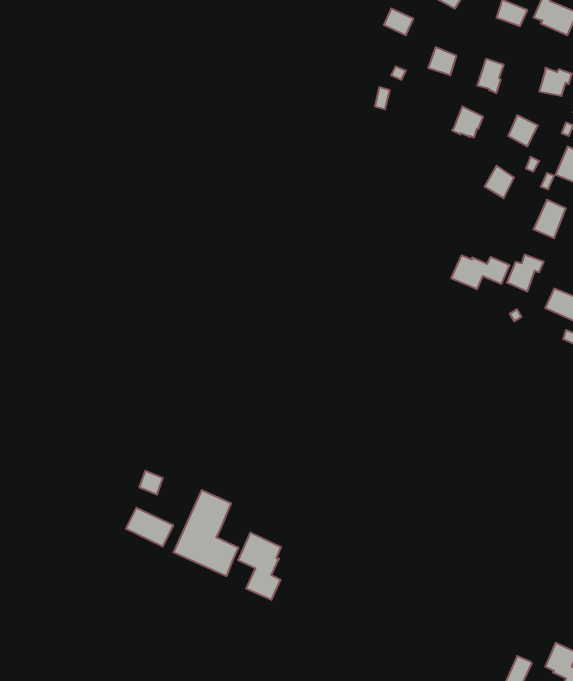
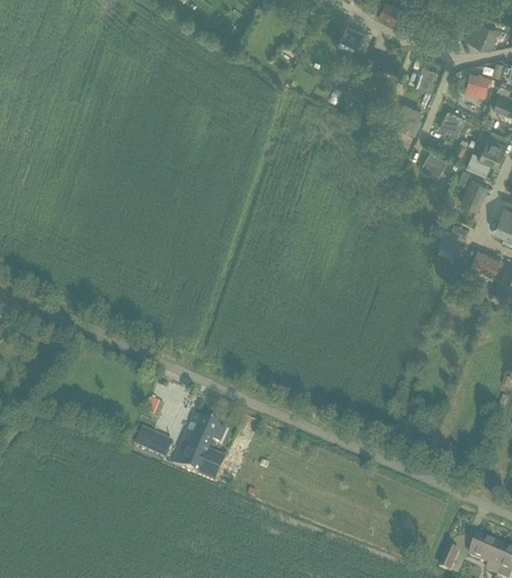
building: [451,255,509,289] -> none
building: [238,532,281,600] -> none

